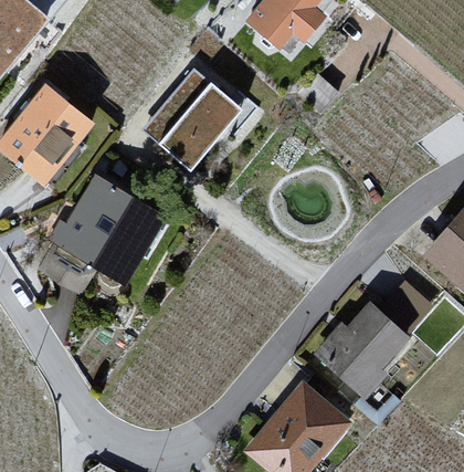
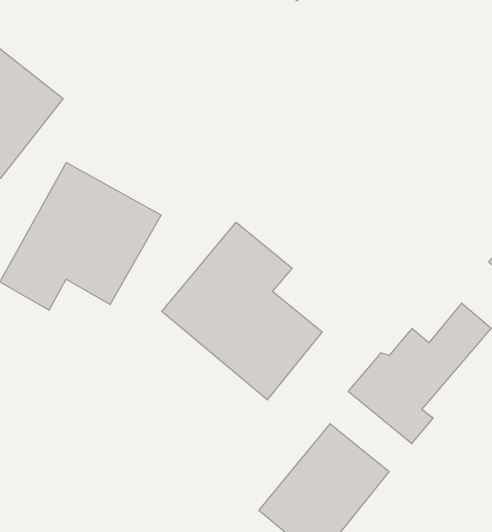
building: [144,70,243,170] -> none
building: none -> [162,222,322,400]

